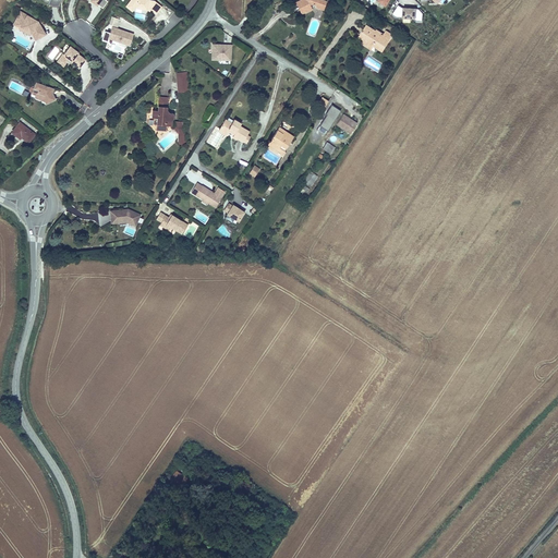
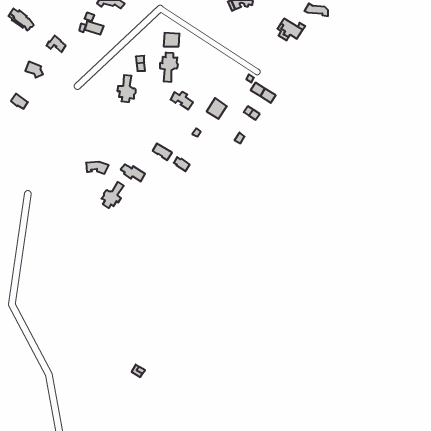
building: none -> [160,52,178,82]
building: none -> [101,182,124,208]

